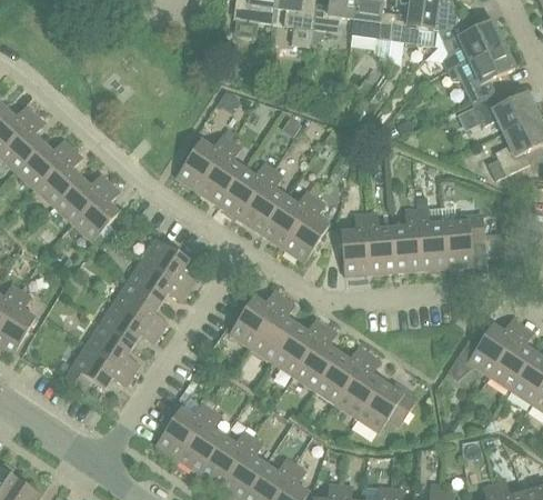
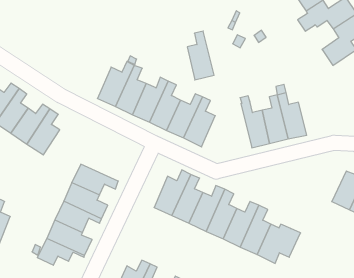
building: [442,211,485,268] -> none
building: [341,212,371,276] -> [187,31,214,80]
building: [140,237,195,291] -> none

